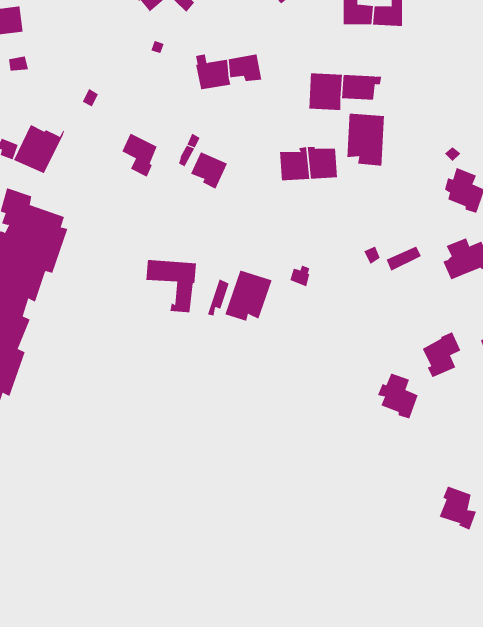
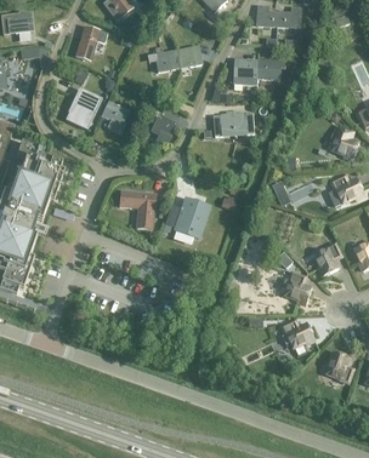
building: none -> [75,27,106,62]
building: [347,113,385,166] -> none
building: [13,124,65,174] -> [66,90,102,125]
building: none -> [280,320,313,348]

